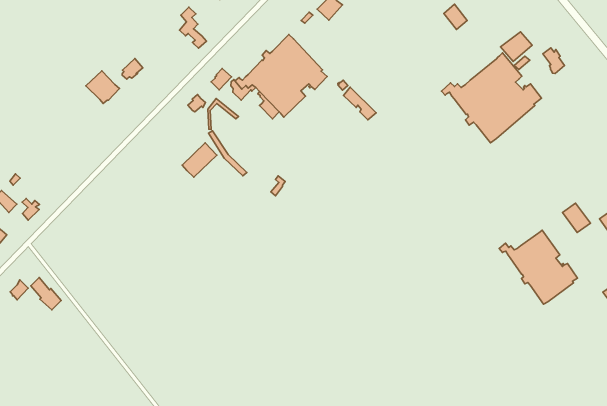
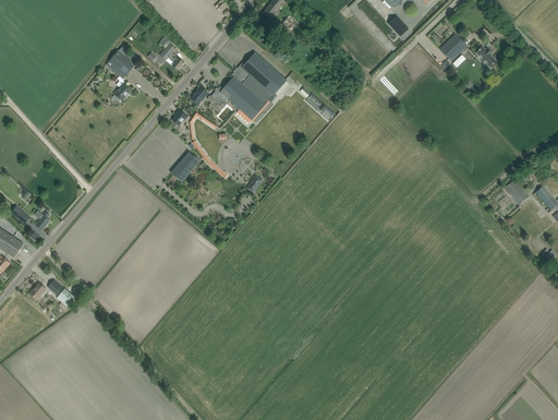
building: [441,53,541,143] -> none
building: [86,71,120,104] -> [106,49,135,77]
building: [499,230,578,304] -> none

